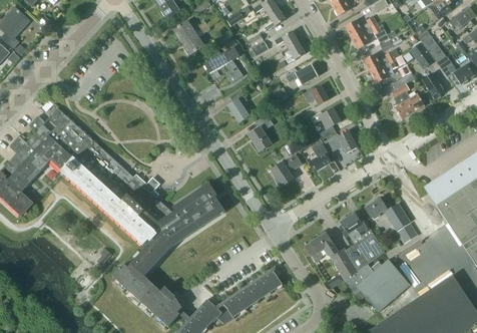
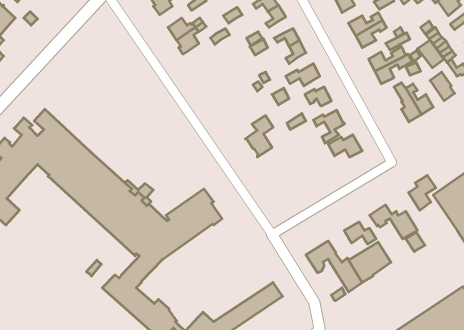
building: [204,46,244,83] -> none
building: [227,90,250,122] -> none
building: [310,138,331,171] -> none
building: [271,154,302,188] -> none
building: none -> [409,175,436,210]
building: [345,260,410,311] -> none

